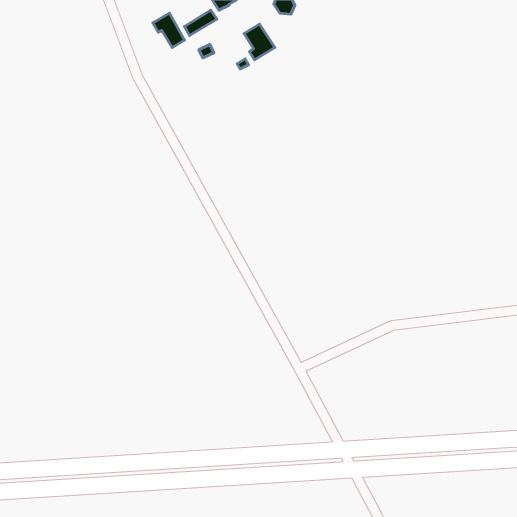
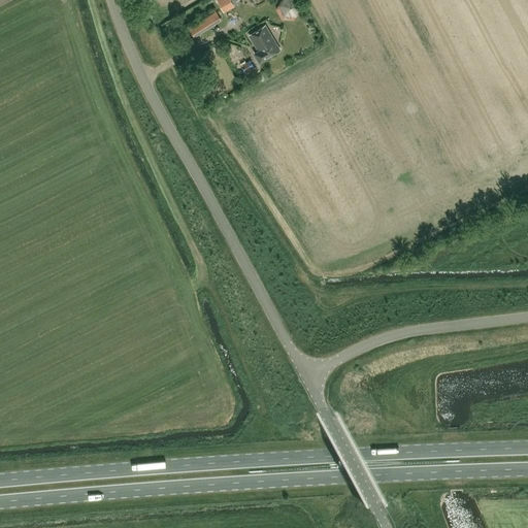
building: [153,13,184,47] -> none

